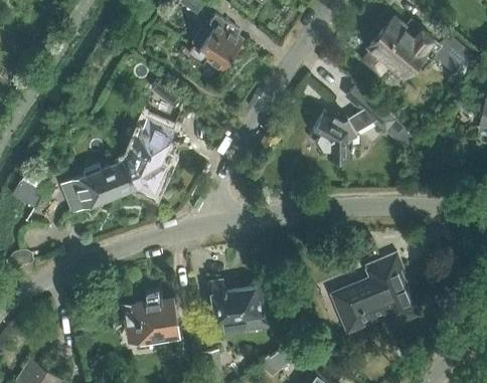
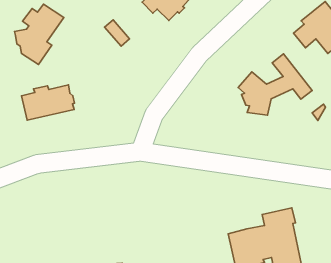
building: [121,121,173,189] -> [14,4,64,65]
building: [211,279,269,329] -> none
building: [122,299,179,346] -> none

